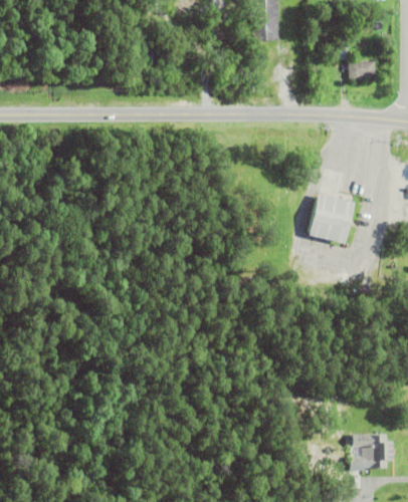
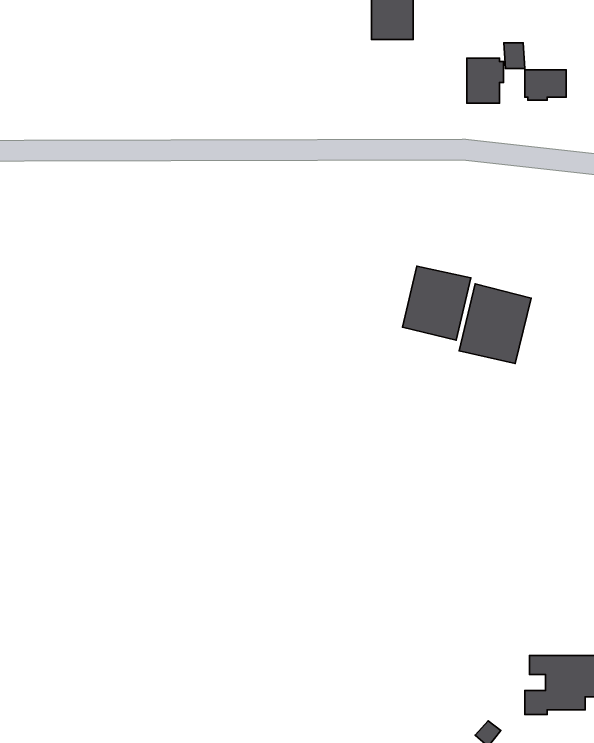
building: none -> [467,58,503,103]
building: none -> [403,266,471,340]

